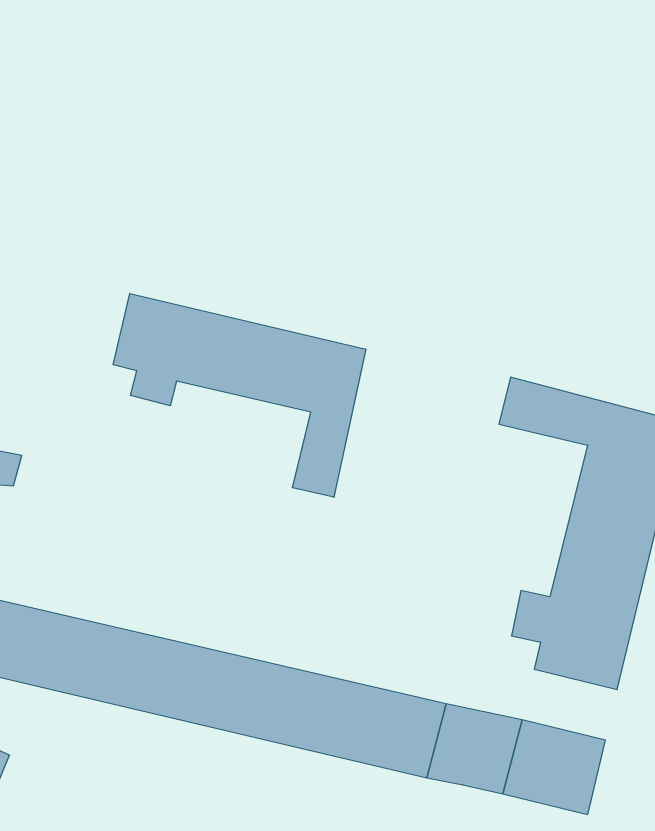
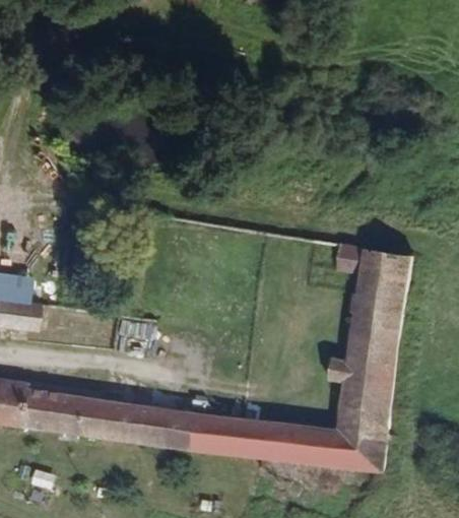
building: [113,293,366,497] -> none
building: none -> [336,399,387,435]

